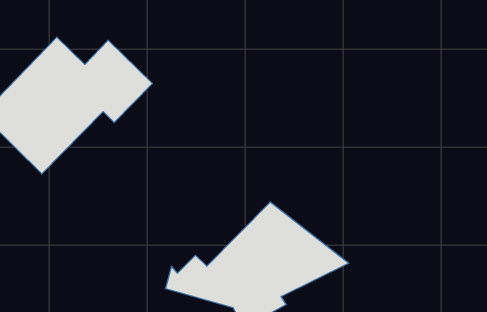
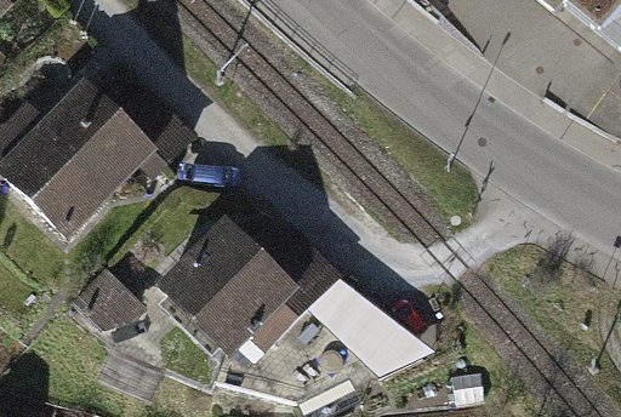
building: none -> [152,213,341,362]

